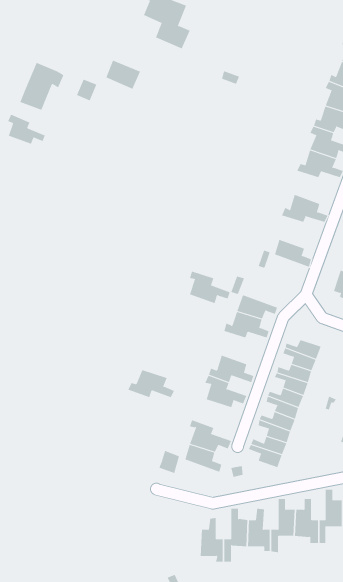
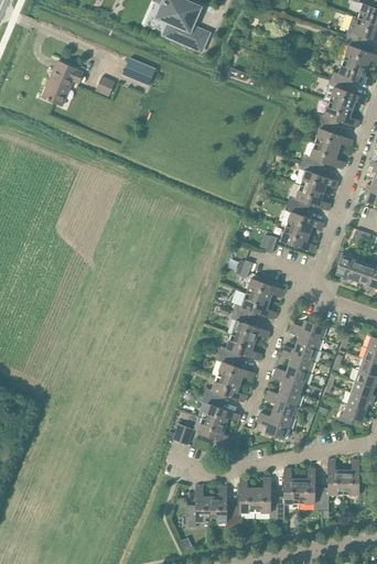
building: [8,114,45,145] -> none
building: none -> [299,162,338,193]
building: none -> [284,204,323,235]
building: [189,271,231,304] -> [230,312,269,343]
building: [128,370,175,398] -> [203,376,247,402]
building: none -> [188,486,212,528]

